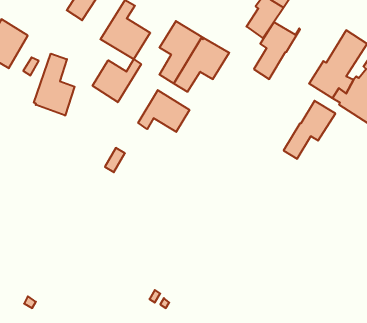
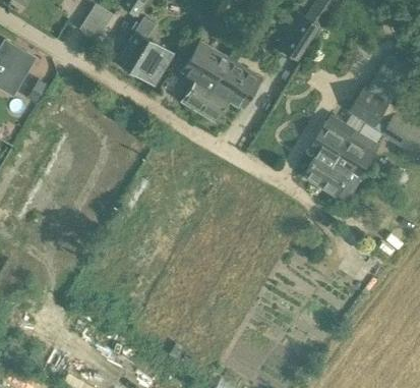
building: [254,22,300,79] -> [304,123,356,187]
building: [34,54,75,116] -> none
building: [93,59,141,102] -> none
building: [138,90,189,132] -> none

